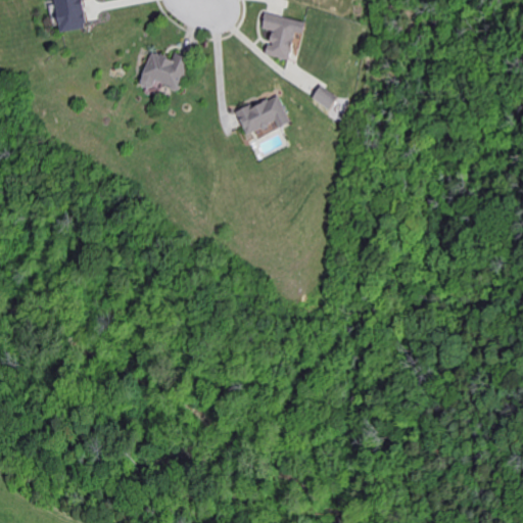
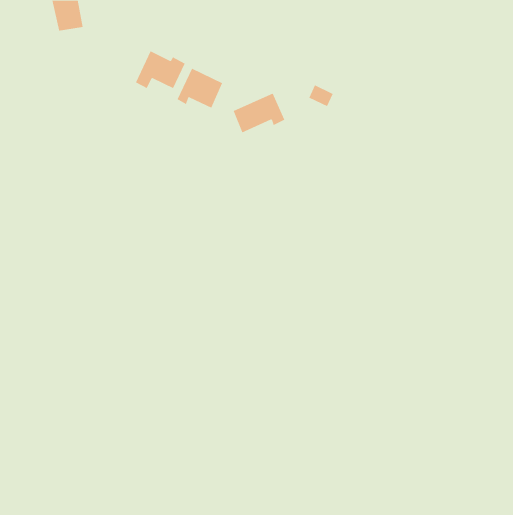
building: [260,11,306,59] -> none
building: none -> [177,68,223,108]

